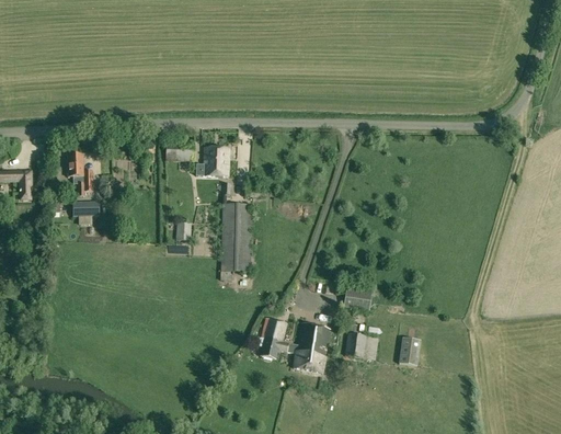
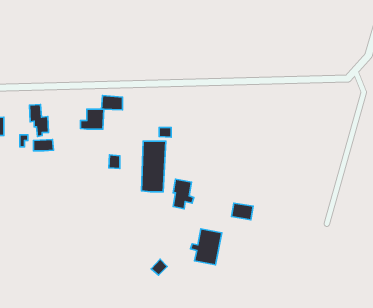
building: [196,148,228,175] -> [80,109,104,129]
building: [261,318,289,358] -> [173,179,194,209]
building: [344,331,378,359] -> none
building: [399,336,421,365] -> none

